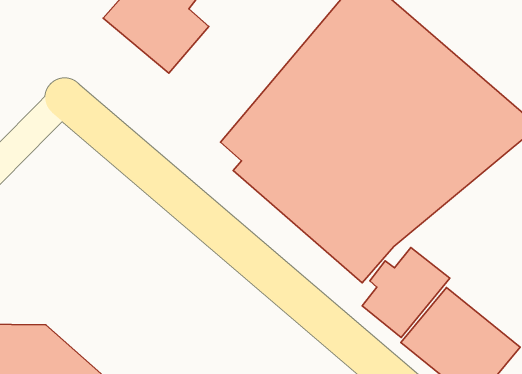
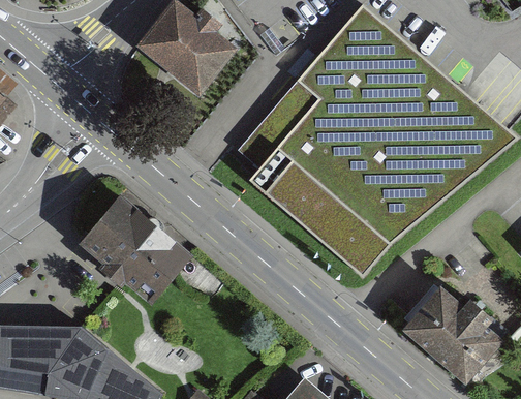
building: none -> [81,194,190,300]
building: [362,248,450,338] -> none

